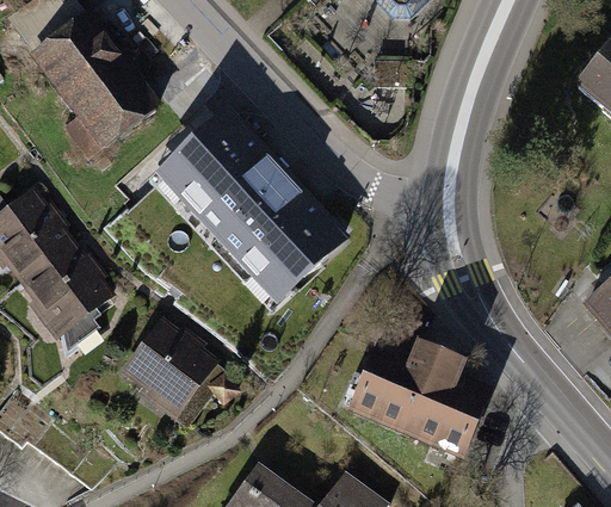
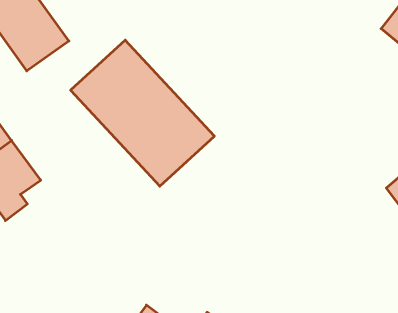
building: [121,315,218,414] -> none
building: [350,342,493,459] -> none

